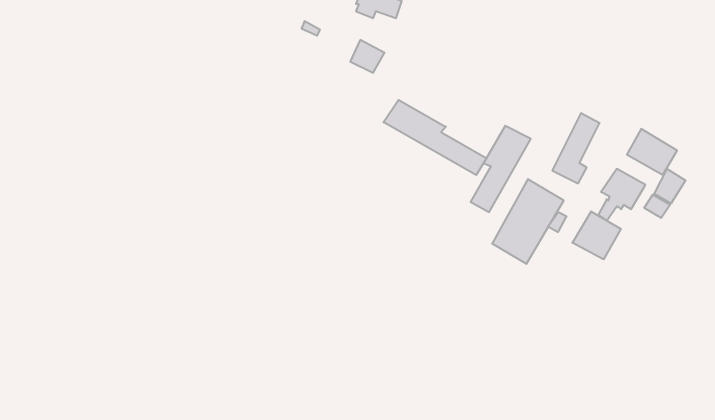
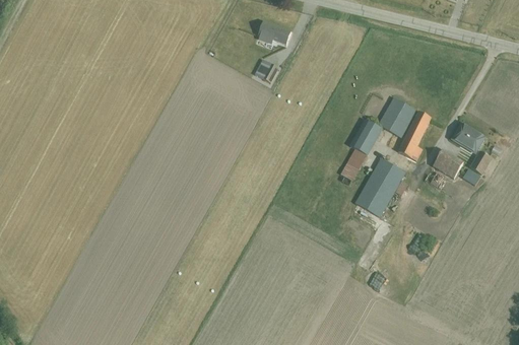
building: none -> [377,95,416,137]
building: [383,100,486,175] -> none
building: [572,211,621,259] -> none

